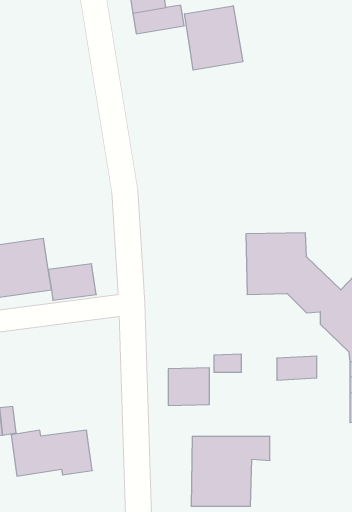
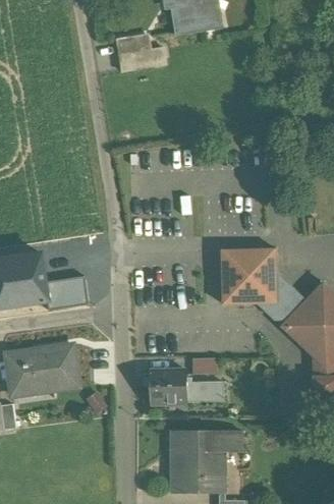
building: [185,6,243,70] -> none
building: [277,356,317,380] -> [187,380,223,401]
building: [11,430,92,476] -> [6,349,78,390]

